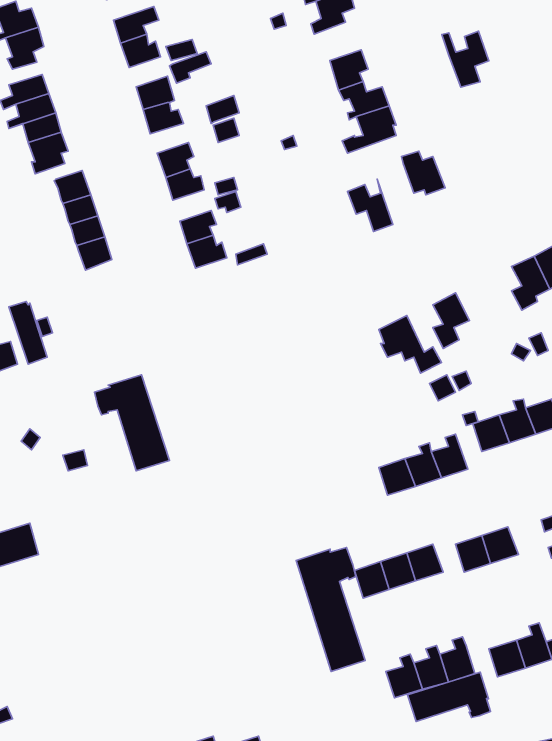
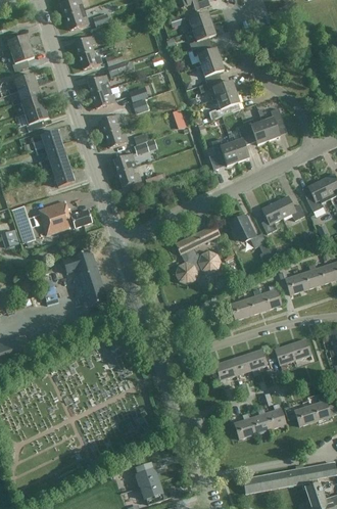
building: none -> [192,43,220,67]
building: [442,31,489,87] -> [257,107,285,140]
building: none -> [229,126,250,161]
building: none -> [275,195,304,221]
building: none -> [39,201,92,235]
building: none -> [176,226,221,284]
building: [296,547,365,672] -> none
building: [407,672,491,722] -> none

